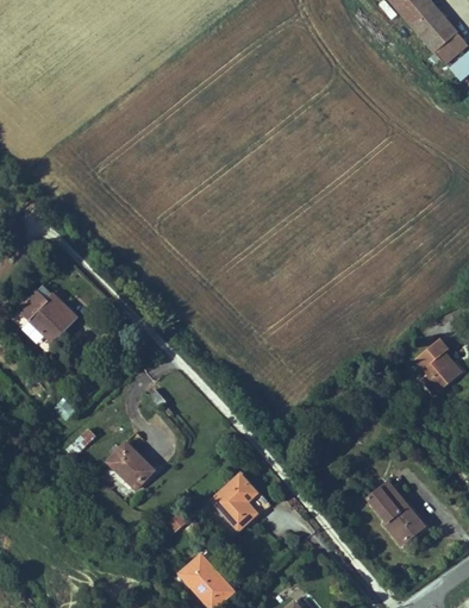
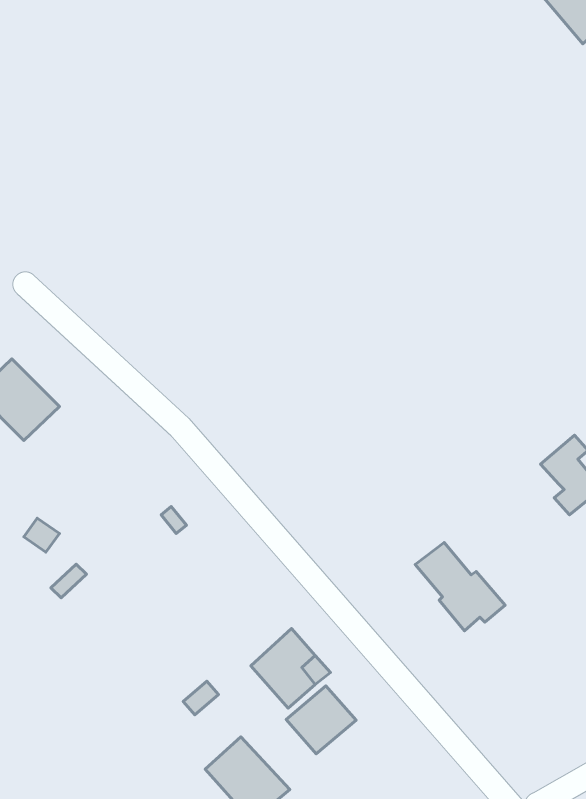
building: [108,444,154,489] -> none
building: [368,483,431,545] -> [415,543,505,631]
building: none -> [286,686,356,754]

